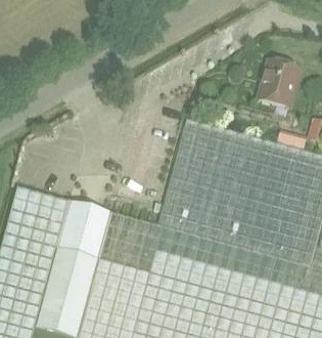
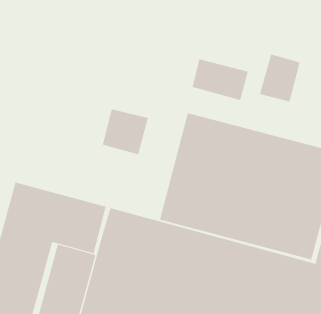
building: none -> [192,59,248,101]
building: none -> [102,109,148,155]

